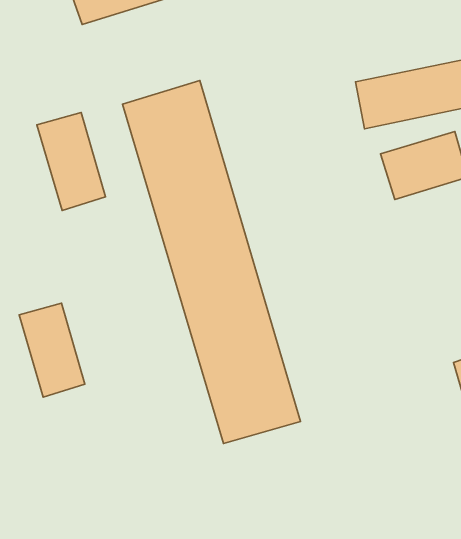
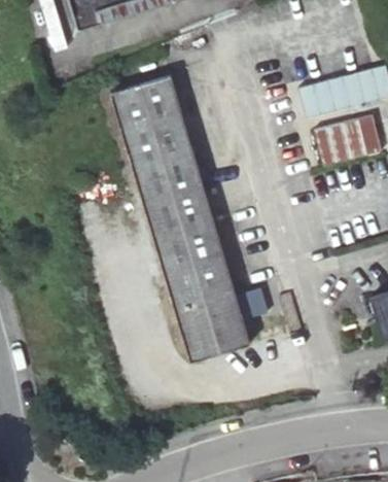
building: [37,112,106,210] -> none
building: [19,303,85,397] -> none

